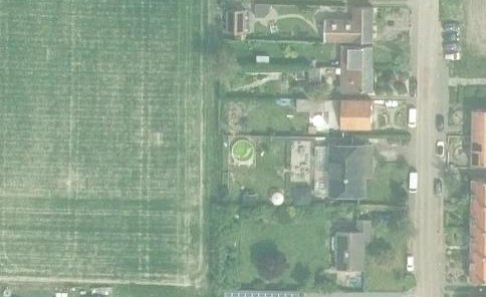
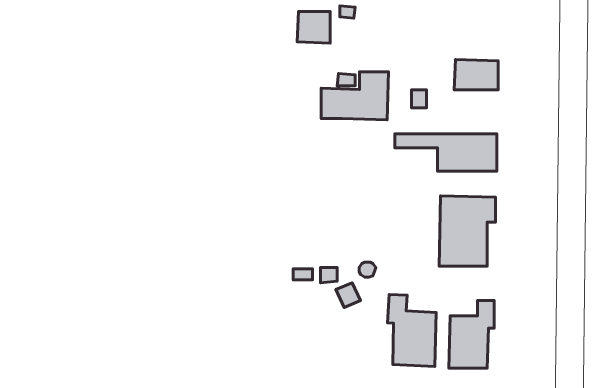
building: [323,7,373,42] -> [321,72,389,120]
building: [336,67,372,90] -> none
building: none -> [388,294,436,367]

